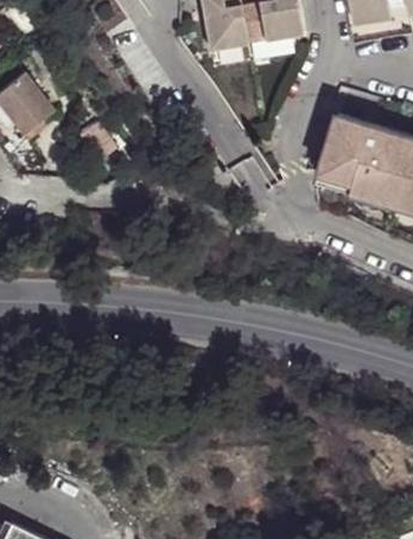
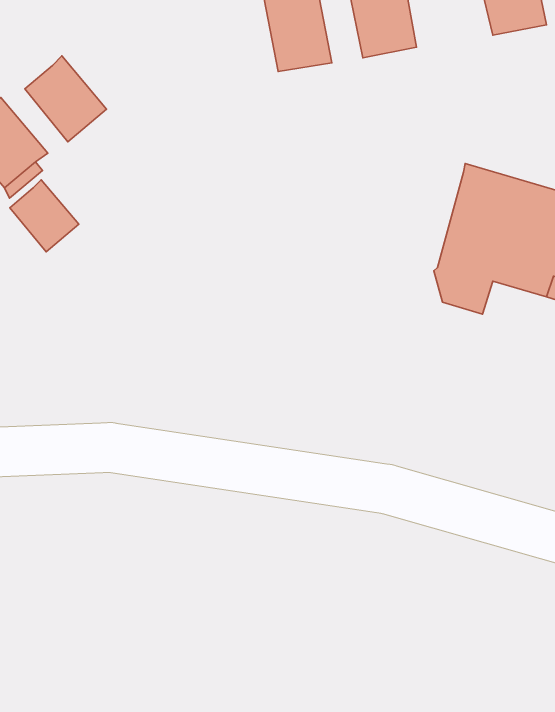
building: none -> [25,56,107,142]
building: none -> [10,180,79,252]

